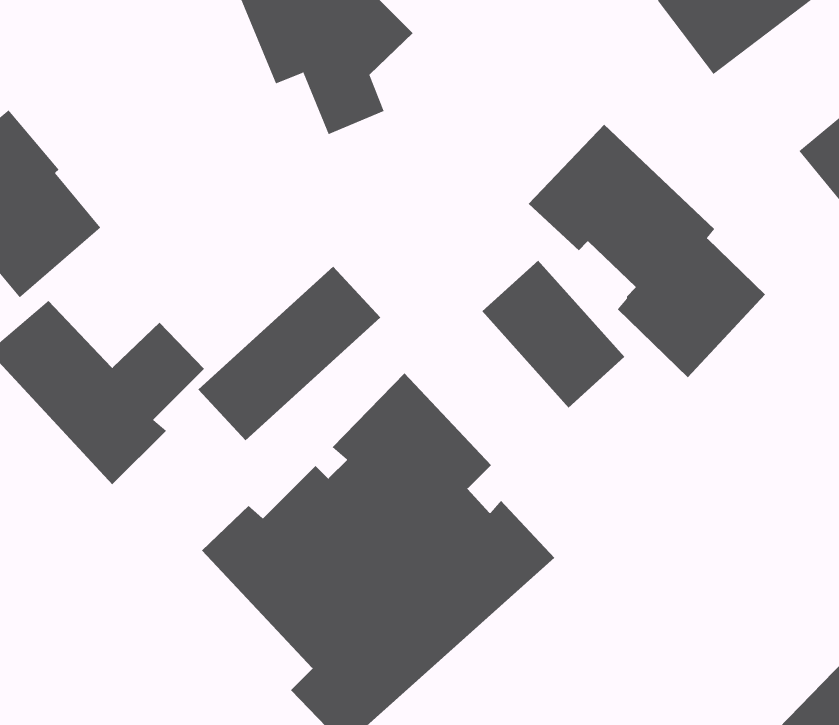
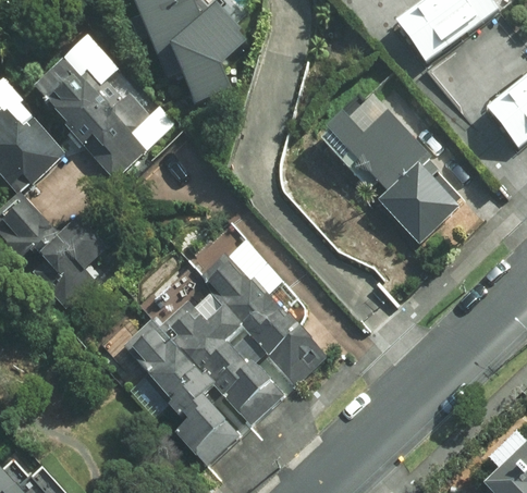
building: none -> [36,39,174,176]
building: [481,260,625,408] -> none
building: [198,266,381,441] -> none

